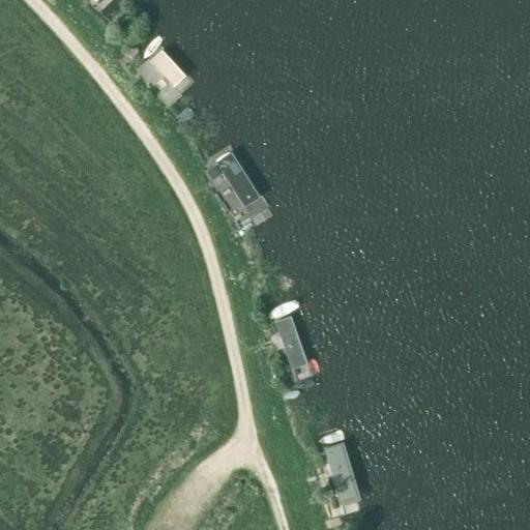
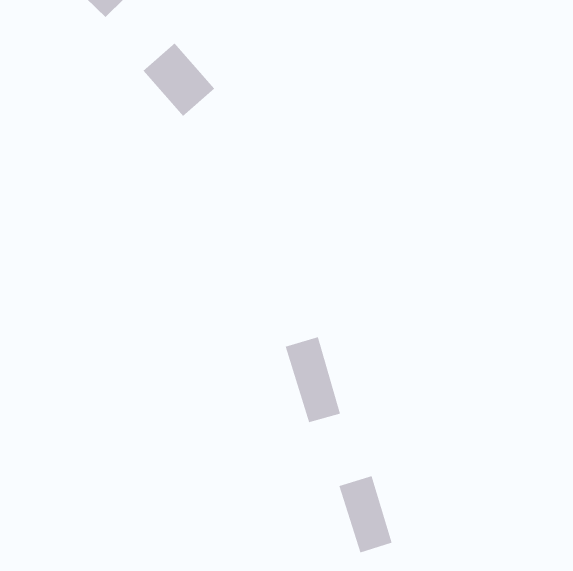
building: [207,144,275,231] -> none

